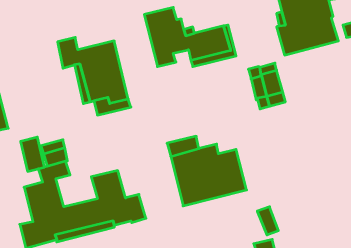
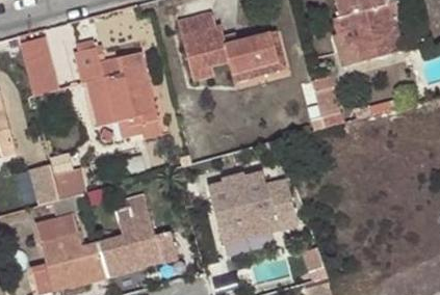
building: none -> [21,36,57,92]

